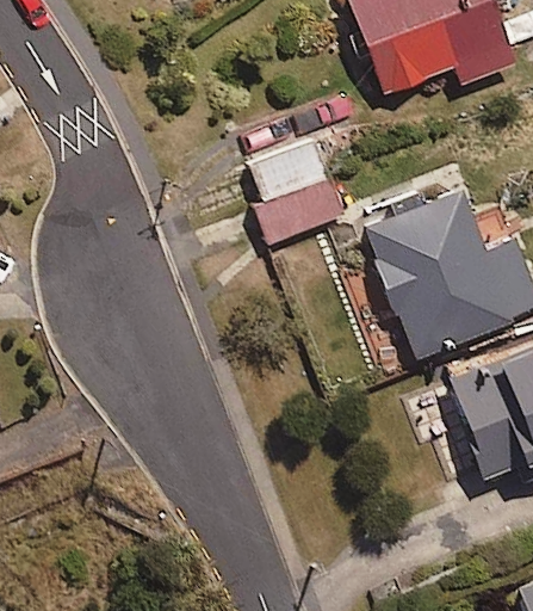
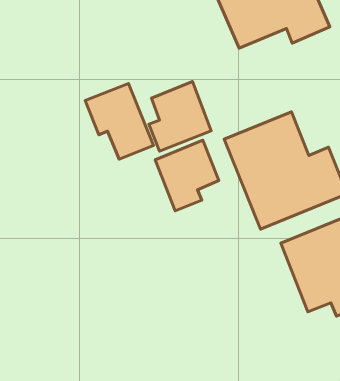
building: none -> [85,83,154,159]
building: none -> [155,140,219,211]

